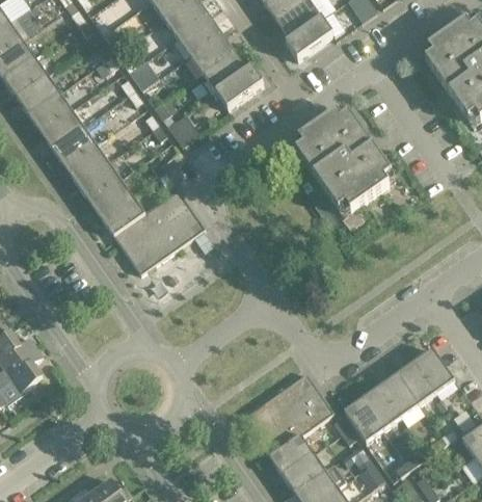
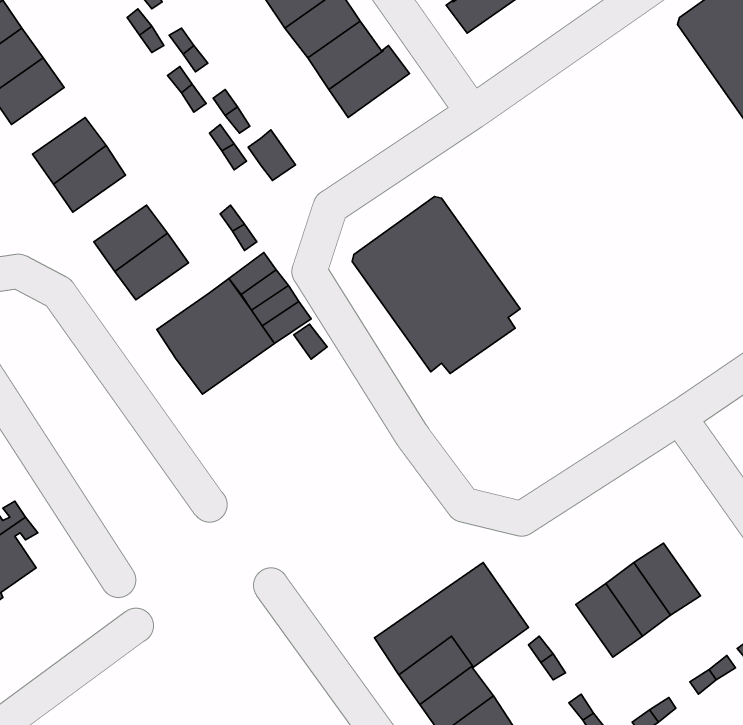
building: [27,91,71,131] -> none
building: [292,107,392,212] -> [352,197,520,374]
building: [63,143,107,183] -> none
building: [101,195,144,235] -> none
building: [413,348,454,393] -> none
building: [343,398,383,442] -> none

